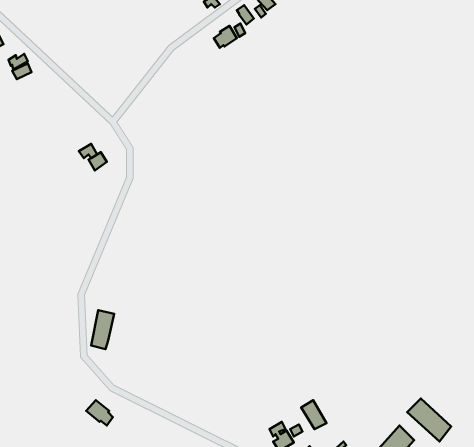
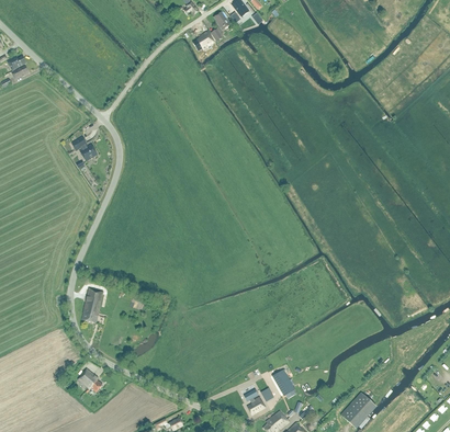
building: [407,399,451,441] -> none

